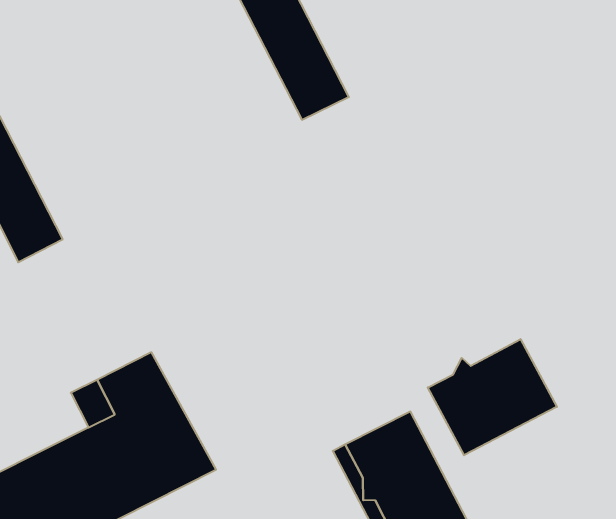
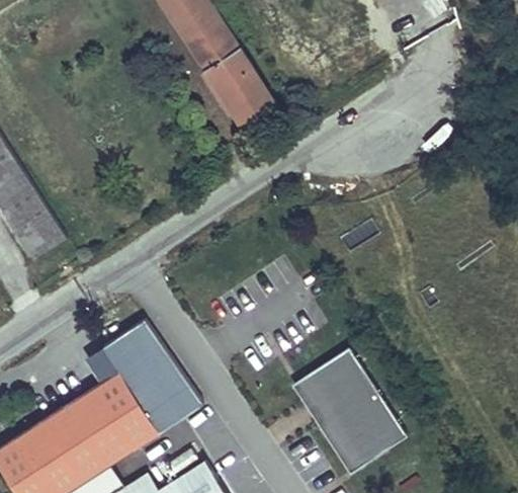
building: [428,339,557,455] -> none

